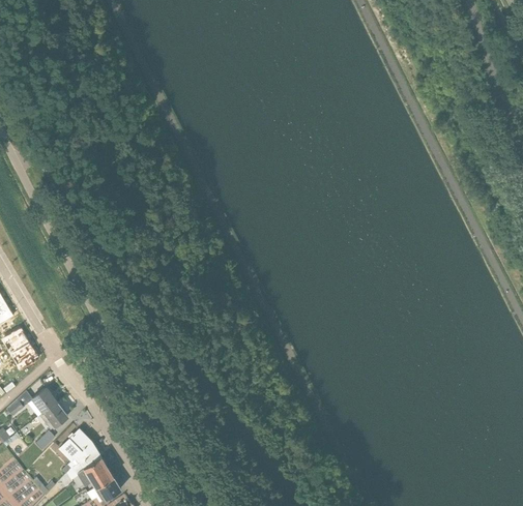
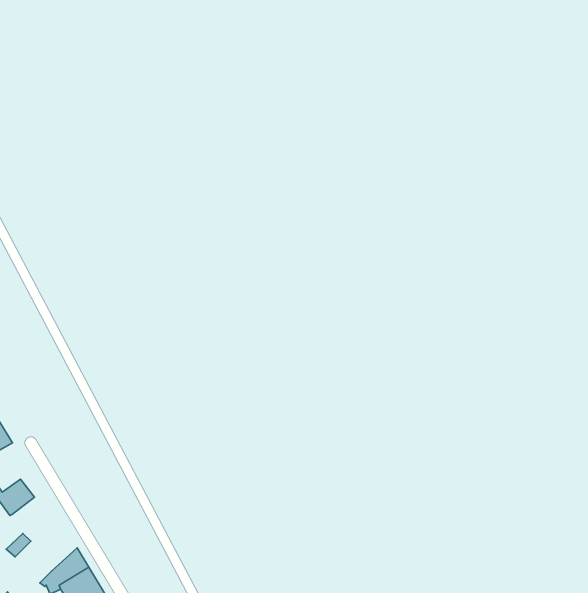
building: [39,401,67,428] -> none
building: [58,429,91,460] -> none

